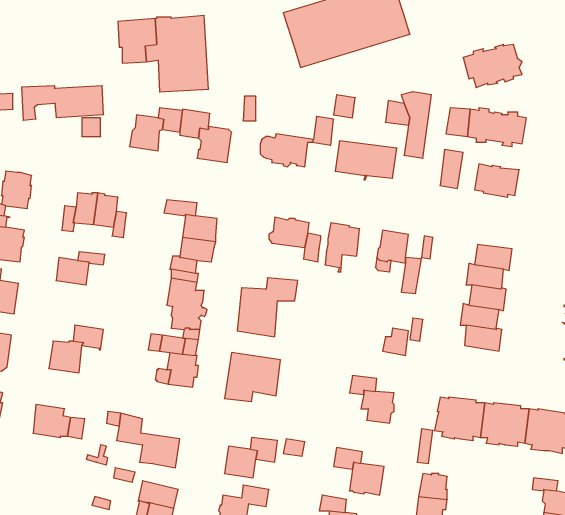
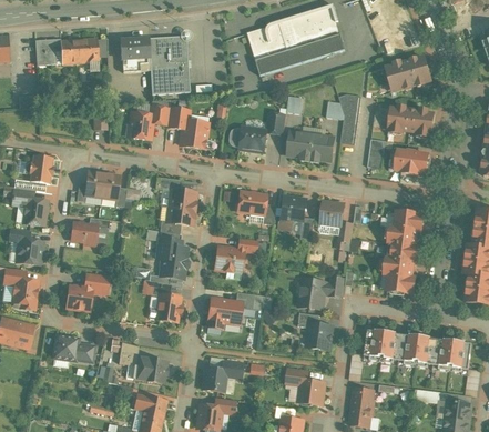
building: [22,86,104,120] -> [35,38,99,64]
building: none -> [298,279,326,309]

